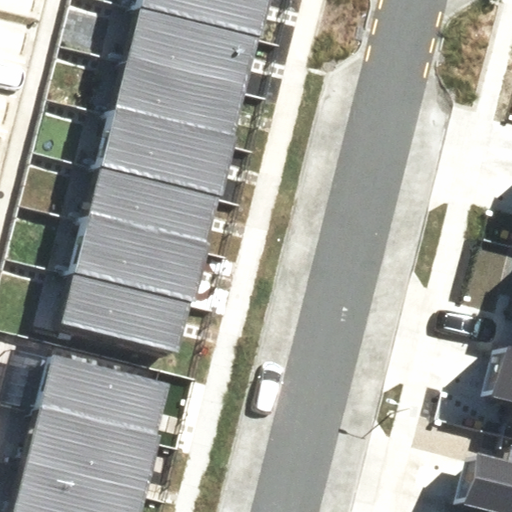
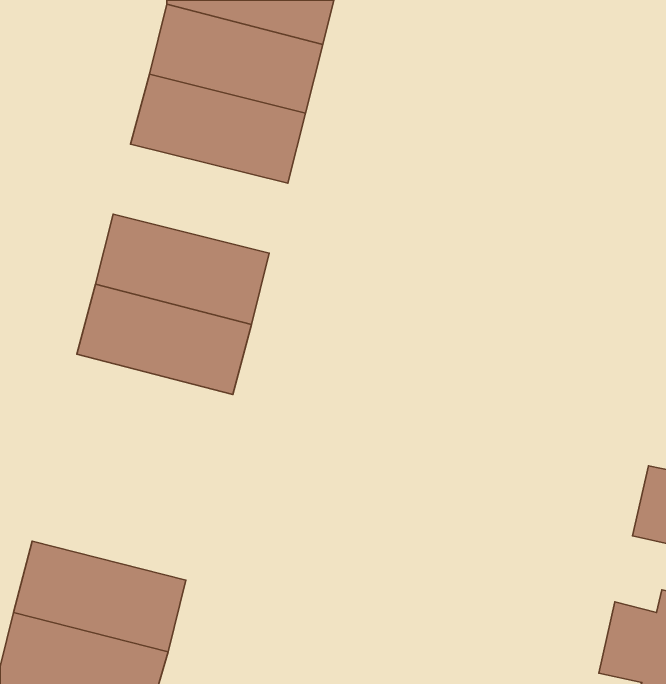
building: [100,110,230,191] -> none
building: [60,266,189,347] -> none
building: [40,352,168,434] -> none

